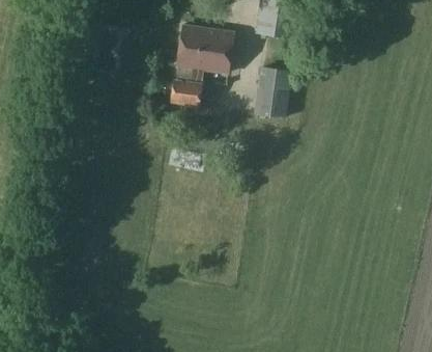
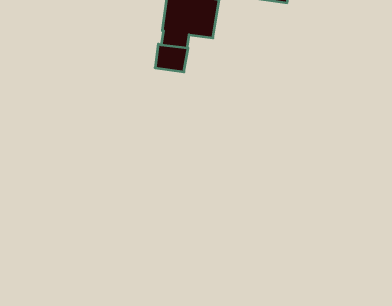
building: [253,66,291,117] -> none

